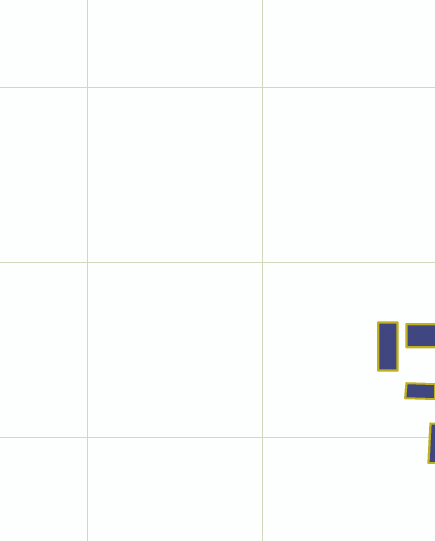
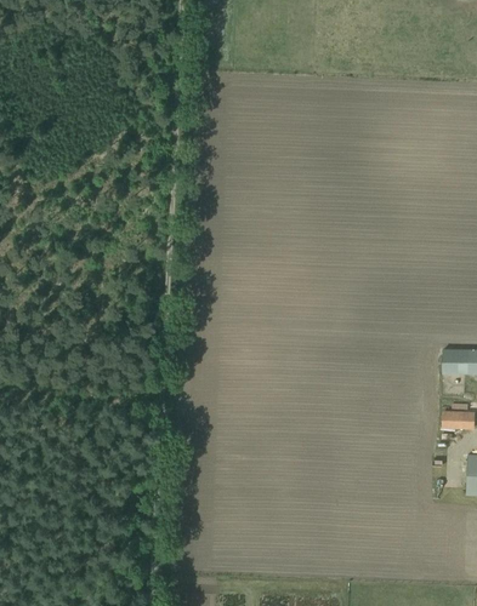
building: [378,323,397,371] -> none

